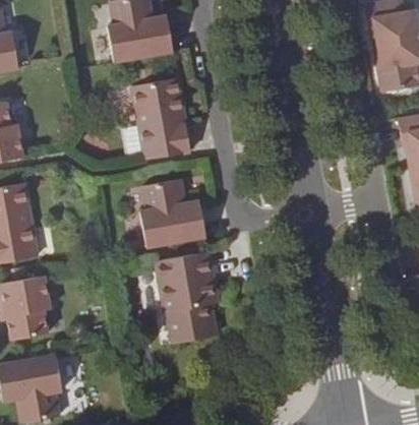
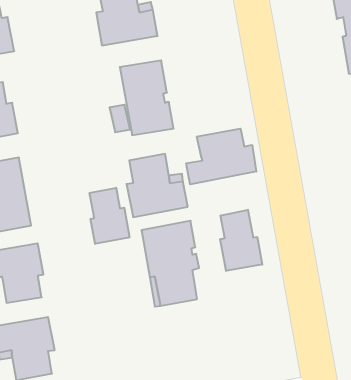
building: none -> [186,129,256,184]
building: none -> [90,188,129,244]
building: none -> [220,210,262,271]

